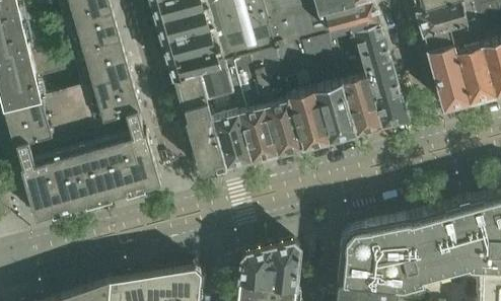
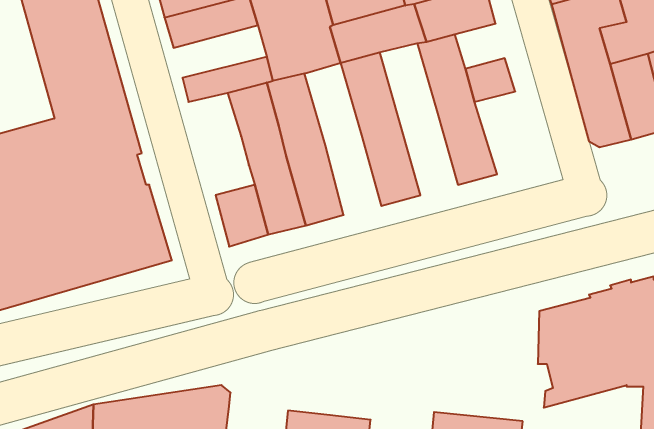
building: [352,26,385,57] -> none
building: [162,27,225,63] -> none
building: [301,40,354,142] -> none
building: [251,53,302,155] -> none
building: [365,72,405,128] -> none
building: [172,73,217,142] -> none
building: [337,219,418,294] -> none
building: [239,244,300,293] -> none

